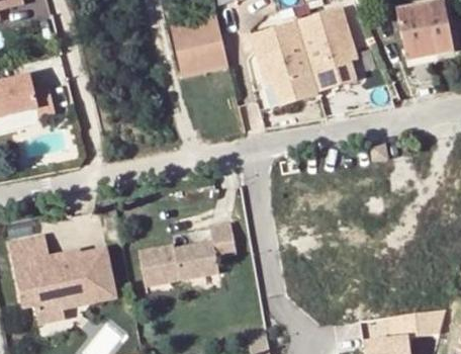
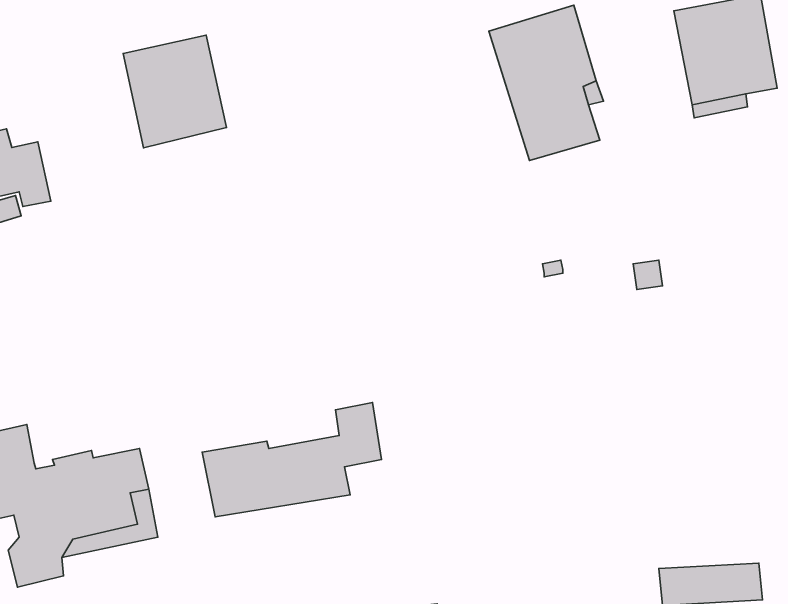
building: [171,14,227,76] -> [123,35,227,148]
building: [251,19,317,103] -> none

